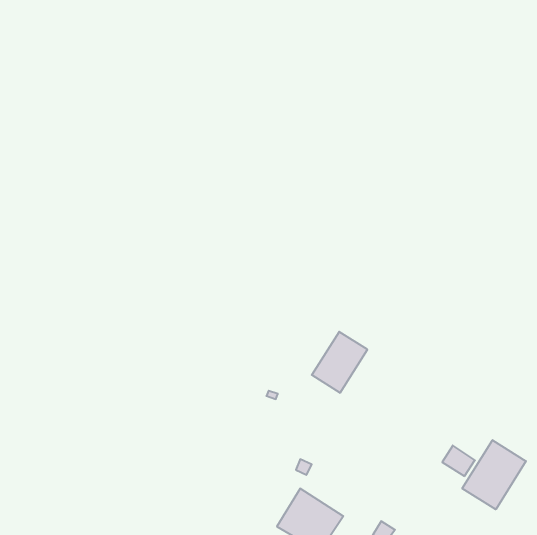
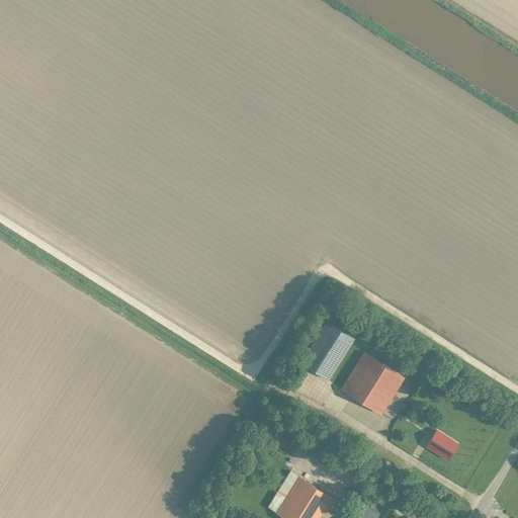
building: none -> [341,354,404,414]
building: [462,440,526,509] -> none

